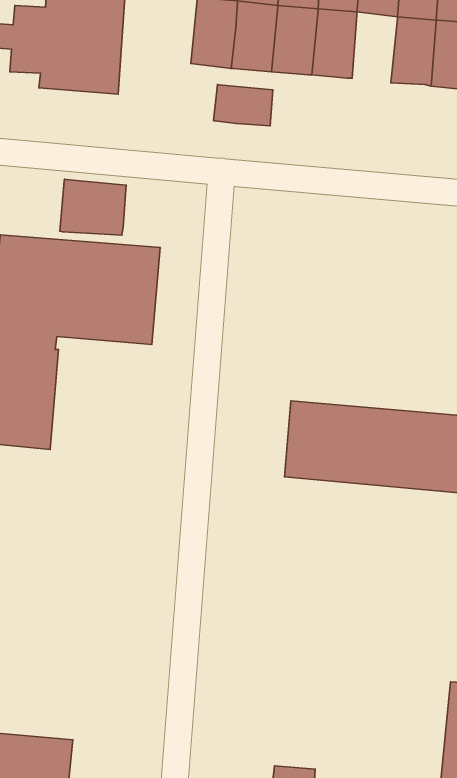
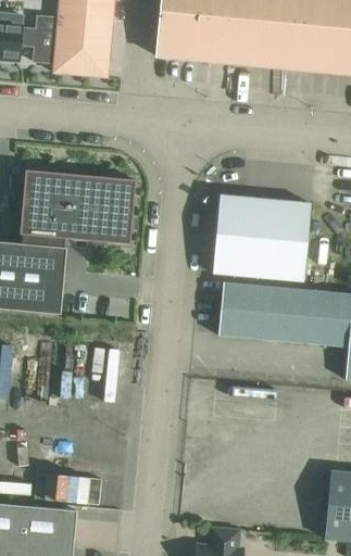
building: none -> [264,21,294,68]
building: [214,84,273,126] -> none
building: [60,179,126,235] -> none
building: none -> [212,195,310,281]

